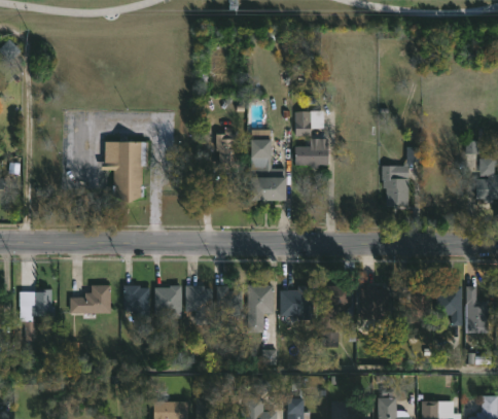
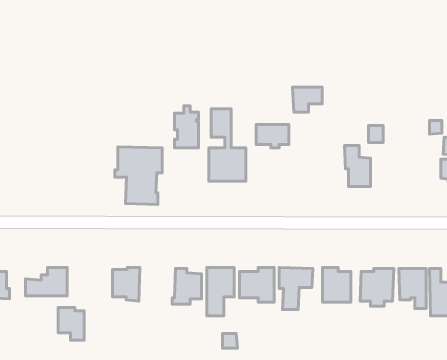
building: [294,111,323,136] -> [293,87,322,112]
building: [101,140,147,197] -> [115,147,162,204]
building: [122,285,148,317] -> [58,308,84,340]
building: [184,285,213,320] -> none

